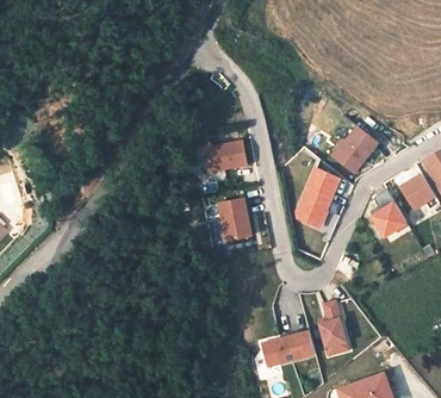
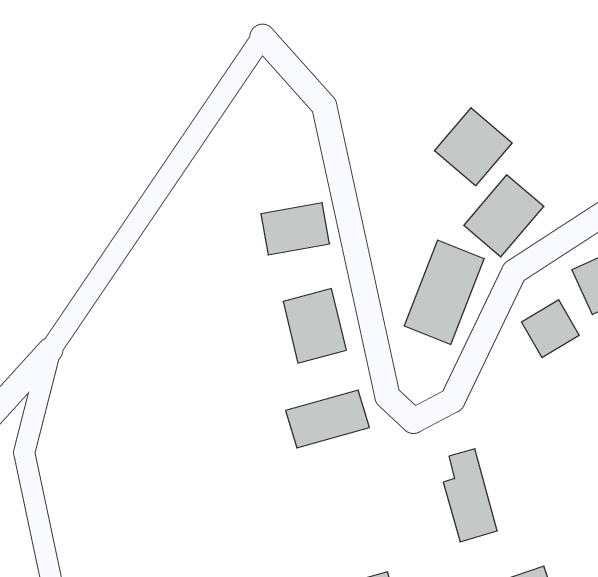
building: none -> [434,108,512,186]
building: [257,332,311,369] -> [286,390,369,448]

